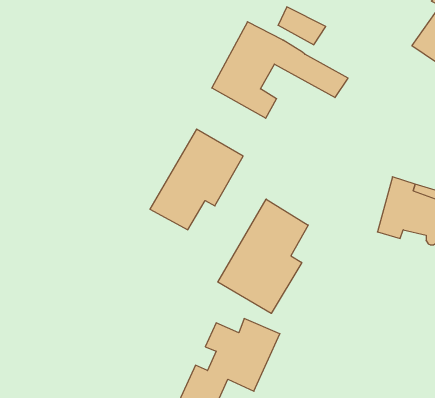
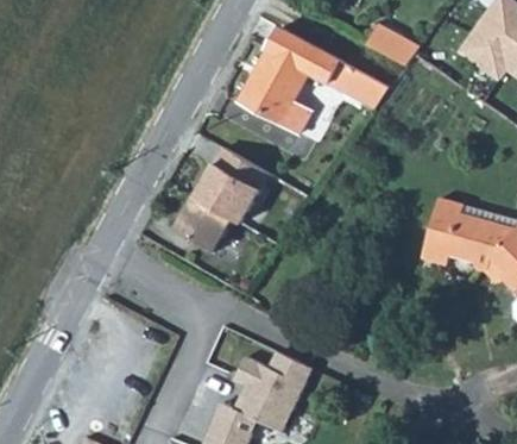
building: [278,7,326,45] -> [367,24,420,65]
building: [218,199,308,313] -> none

